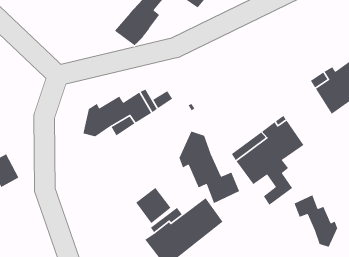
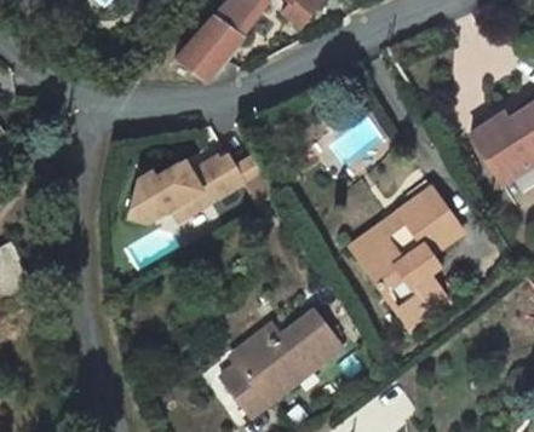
building: [178,131,240,204] -> none
building: [135,187,172,224] -> none
building: [293,194,338,248] -> none

